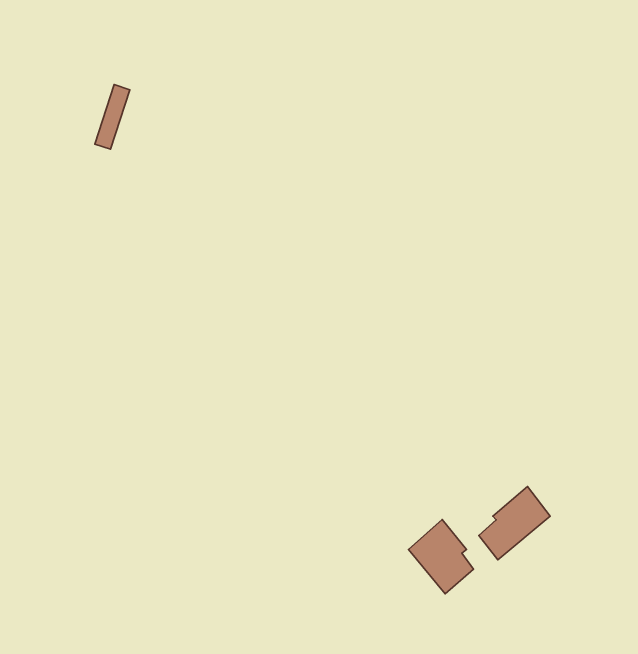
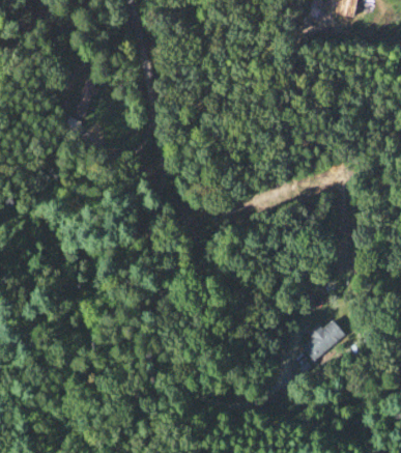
building: [408,520,474,594] -> none

